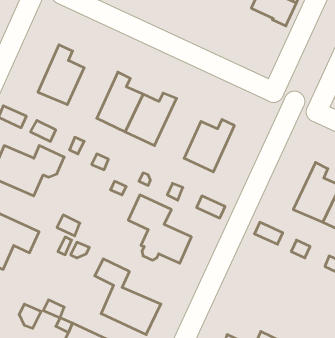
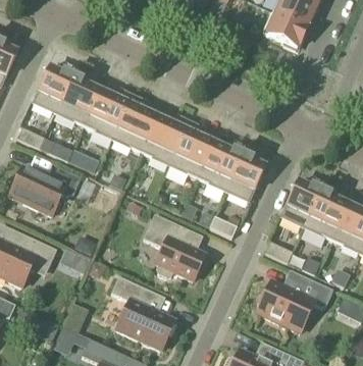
building: none -> [33,62,75,113]
building: none -> [84,88,133,139]
building: none -> [168,119,213,177]
building: none -> [225,146,264,201]
building: none -> [280,176,324,227]
building: none -> [256,268,332,331]

